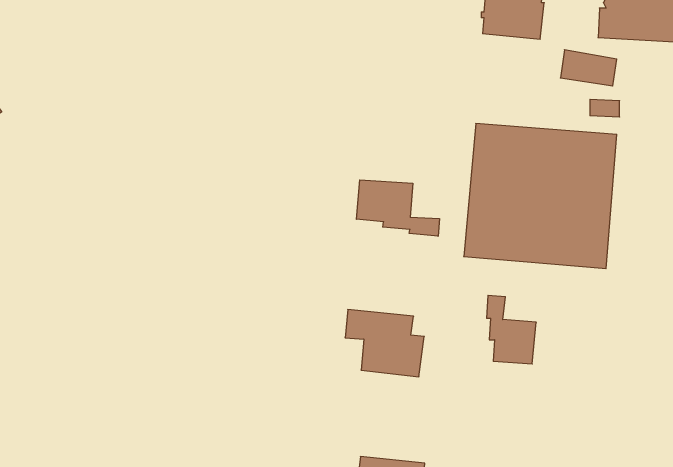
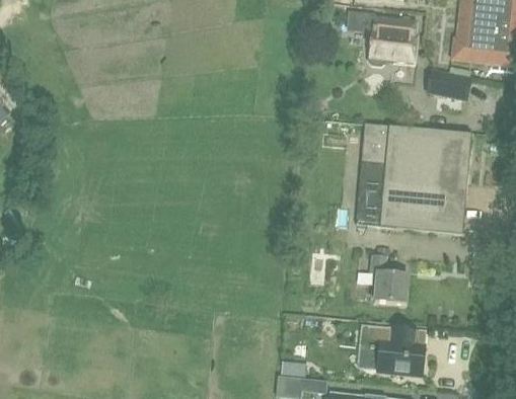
building: [356,180,439,236] -> none
building: [345,310,424,377] -> [364,325,424,376]

